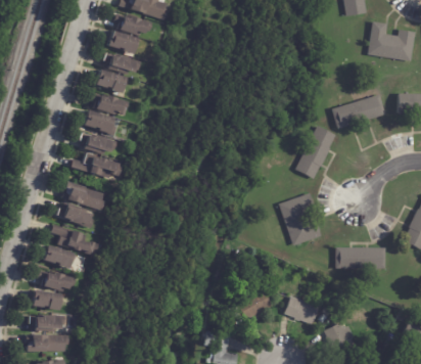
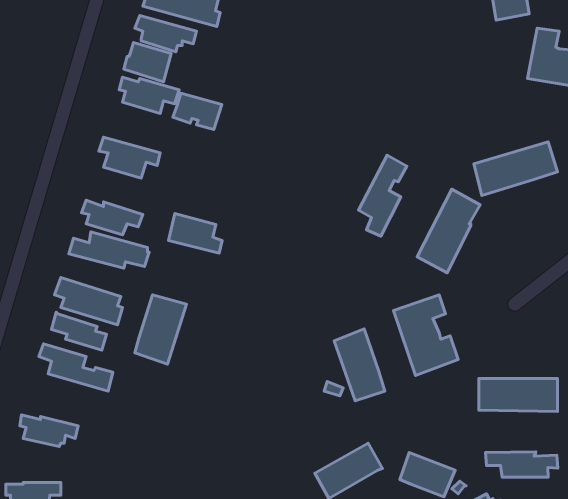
building: [94,70,126,93] -> [173,93,222,130]
building: none -> [358,155,407,236]
building: [81,109,115,135] -> [169,214,222,253]
building: none -> [135,295,186,364]
building: none -> [334,329,385,401]
building: [40,244,71,270] -> none
building: [31,290,59,311] -> none
building: none -> [486,452,558,477]

